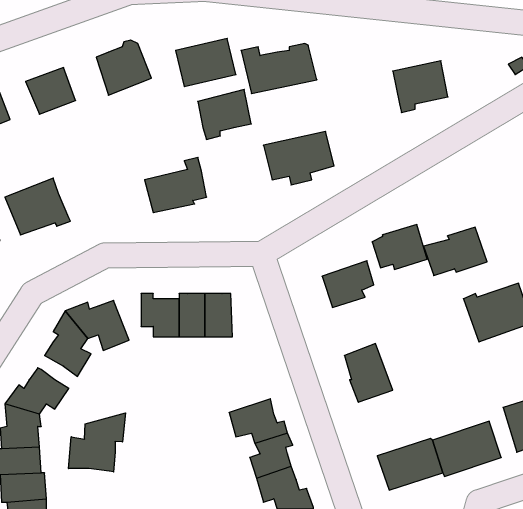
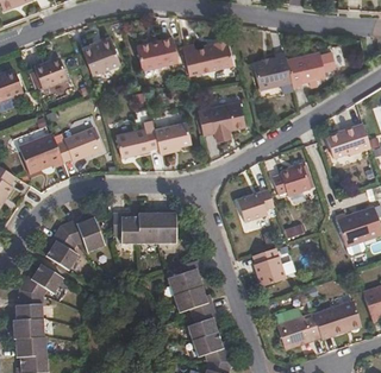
building: none -> [254,51,292,89]
building: [198,89,251,139] -> [155,120,192,154]
building: none -> [56,126,102,160]
building: [423,227,487,276] -> [327,125,371,158]
building: none -> [168,259,202,295]
building: [69,413,125,472] -> none

